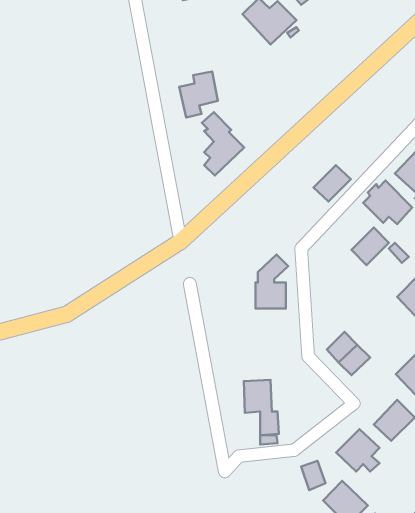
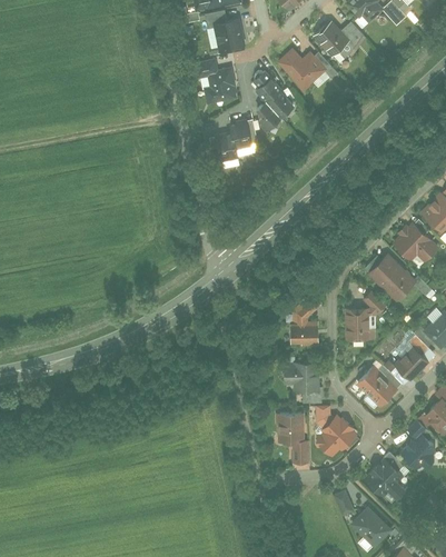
building: none -> [194,58,238,107]
building: [202,112,244,176] -> [254,72,294,132]
building: [313,165,351,201] -> [365,253,400,288]
building: none -> [348,309,375,341]
building: none -> [393,345,429,382]
building: none -> [284,360,318,390]
building: none -> [315,406,356,457]

